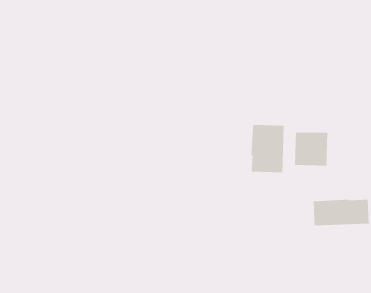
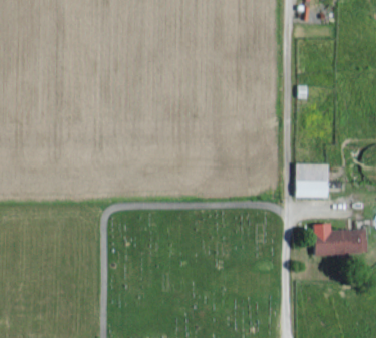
building: [251,124,284,173] -> none

